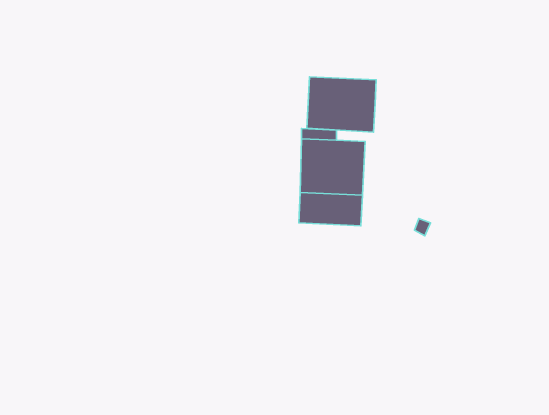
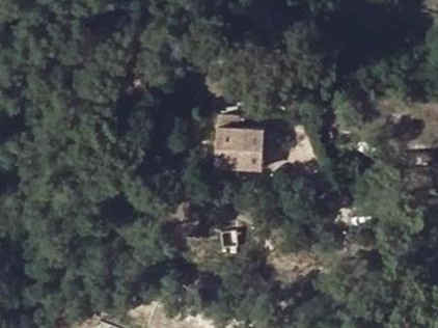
building: [307,77,376,132] -> none

